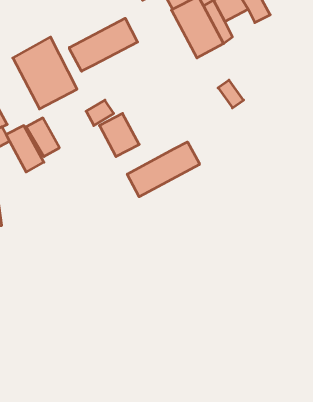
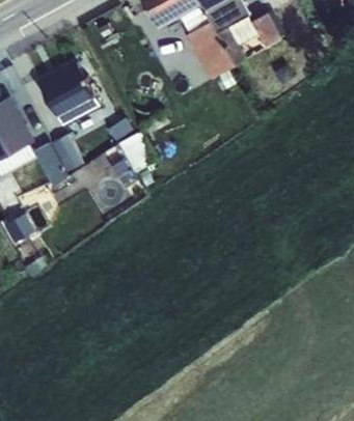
building: [69,18,138,71] -> none
building: [127,142,199,197] -> none

